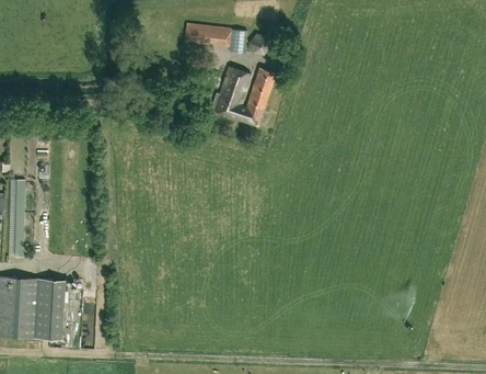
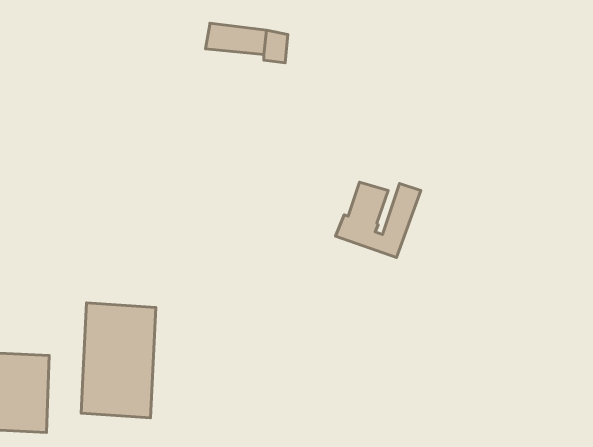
building: [210,67,276,125] -> [336,182,421,257]
building: none -> [81,303,156,418]

